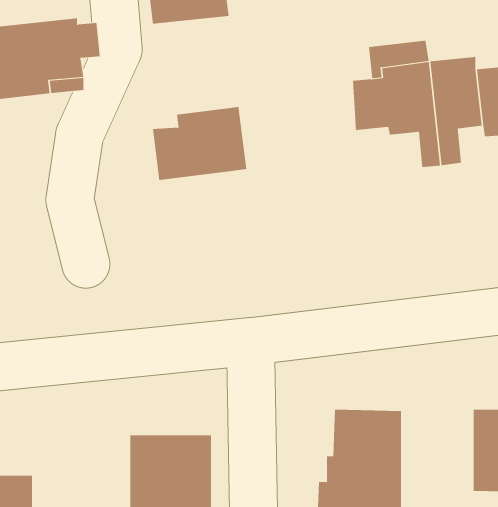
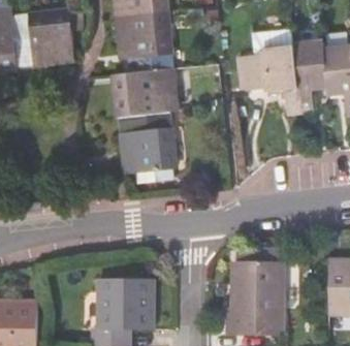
building: none -> [118,11,173,74]
building: none -> [122,111,178,172]

